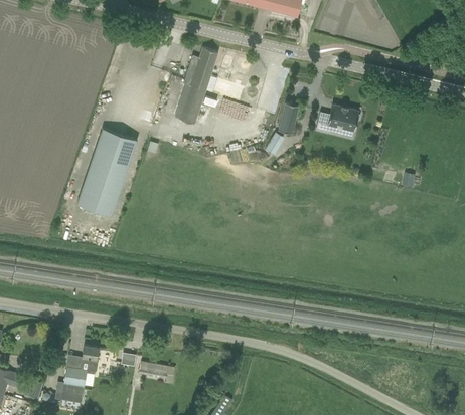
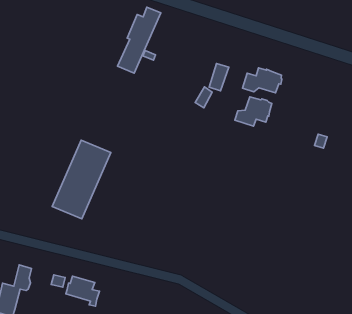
building: [76,129,137,216] -> [52,140,111,219]
building: none -> [235,97,272,126]

